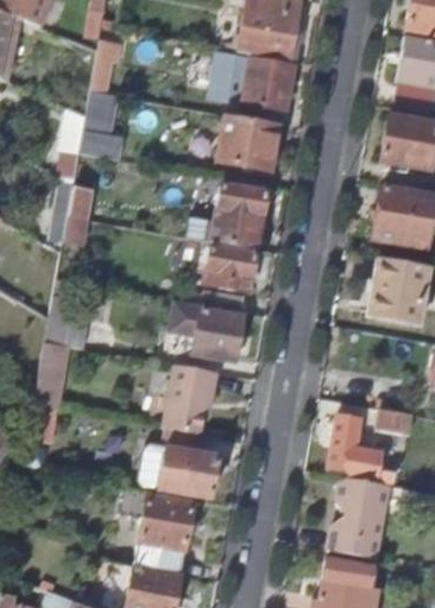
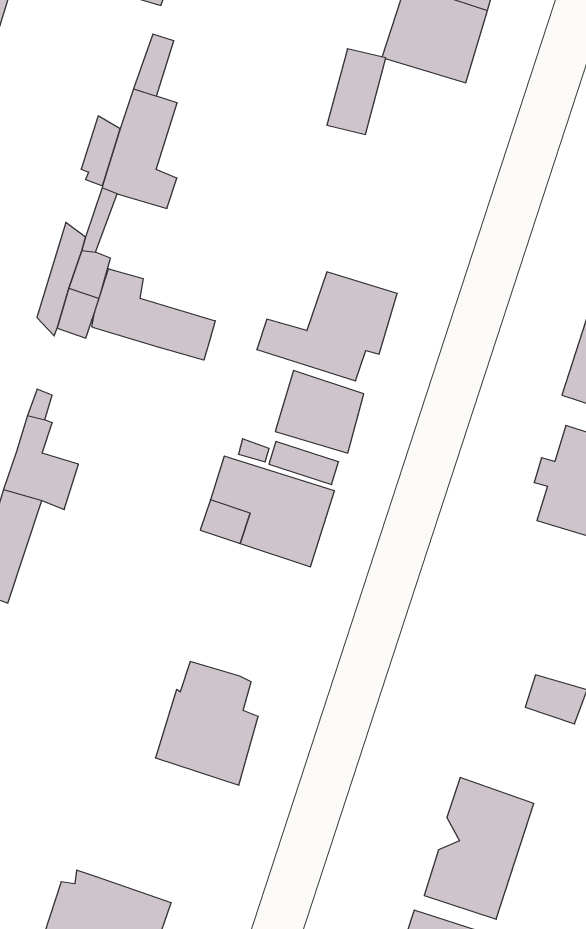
building: [238,58,294,109] -> none
building: [218,114,279,170] -> none
building: none -> [92,269,215,360]
building: [158,362,220,433] -> none
building: [328,416,395,482] -> none
building: [119,484,194,575] -> none

